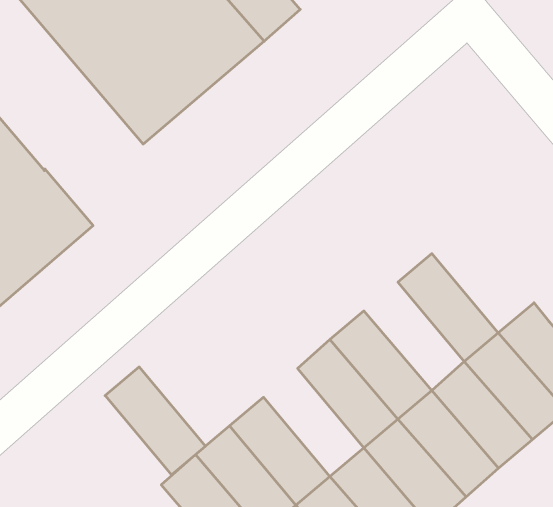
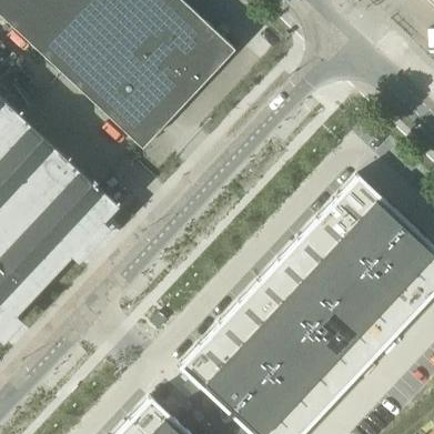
building: none -> [336,175,406,243]
building: none -> [296,218,365,285]
building: [105,367,205,475] -> [238,281,306,349]

